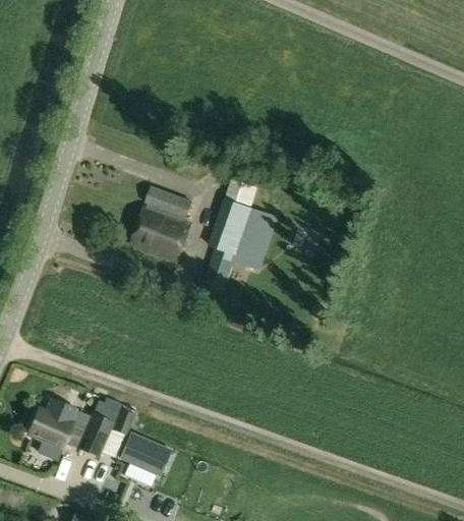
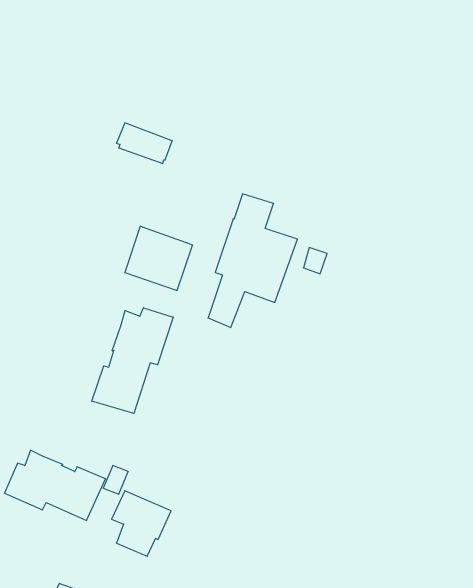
building: [143,186,191,221] -> [116,123,172,163]
building: none -> [92,308,173,414]

